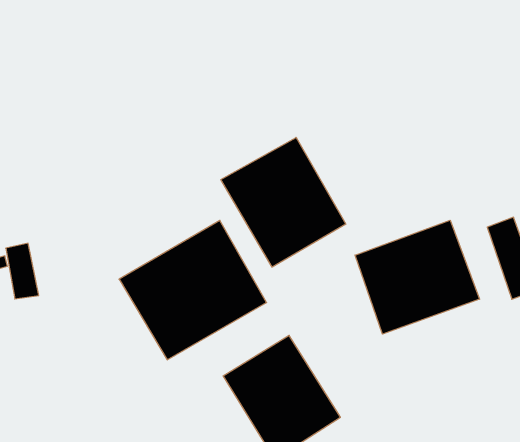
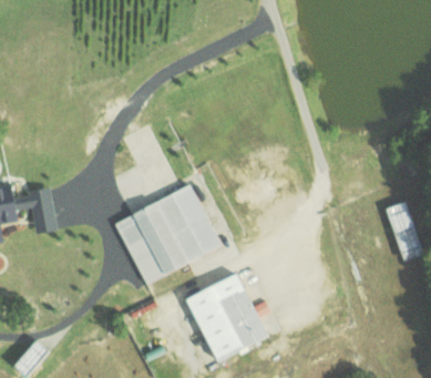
building: [221,137,346,267] -> none
building: [355,220,480,334] -> none

